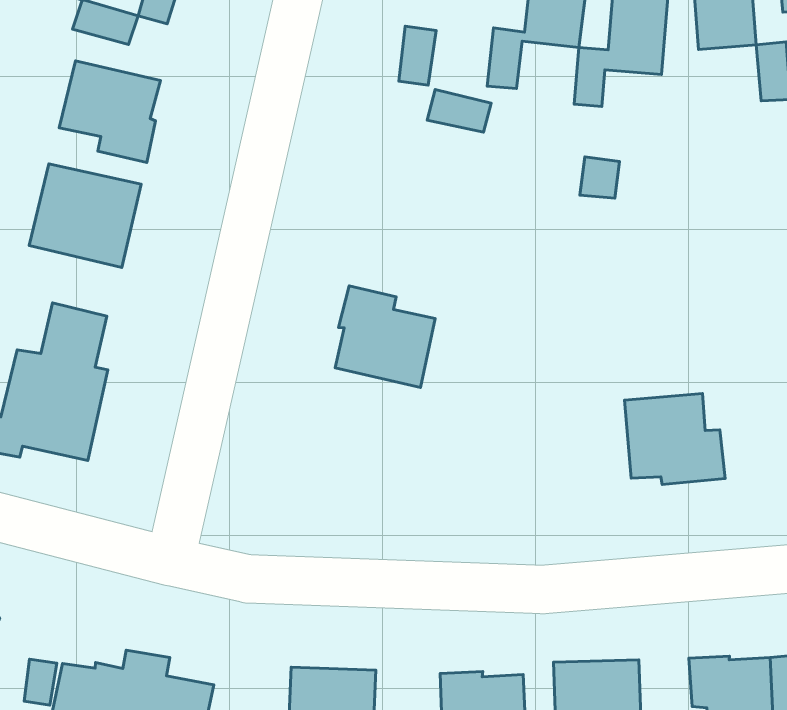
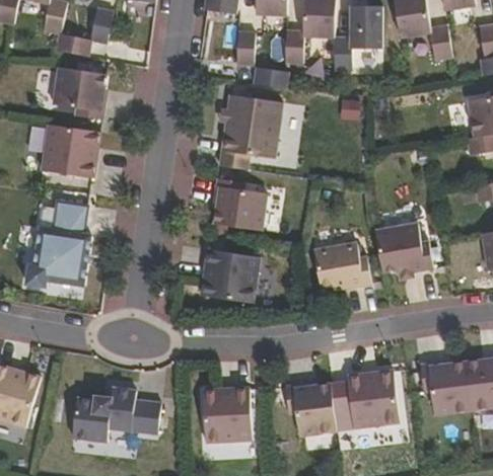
building: none -> [220,94,283,169]
building: none -> [201,249,254,302]
building: none -> [313,242,372,291]

